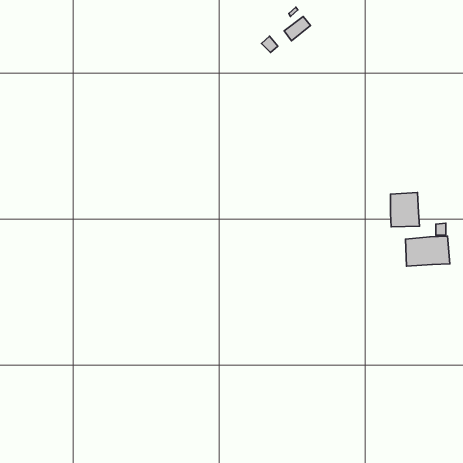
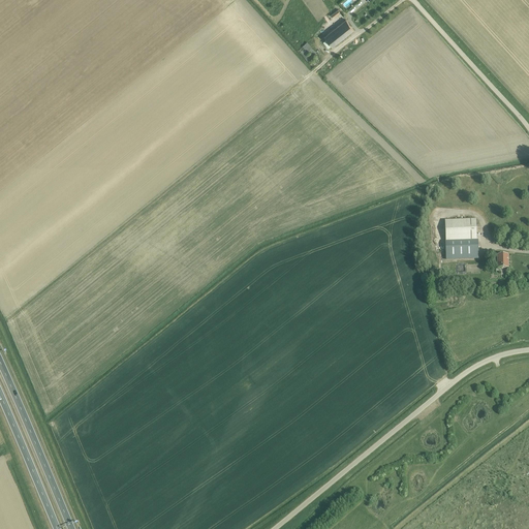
building: [406,236,450,266] -> none

